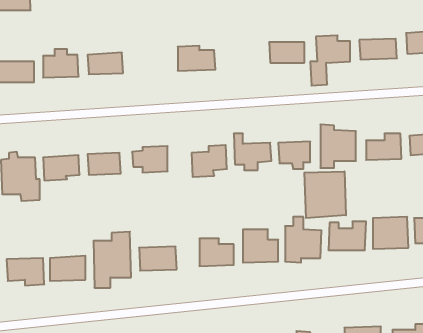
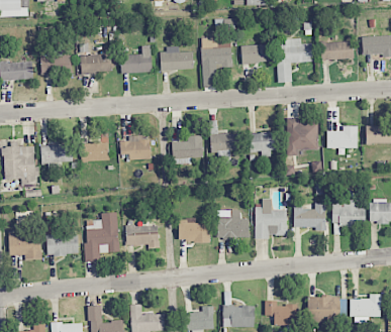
building: none -> [200,36,232,86]
building: none -> [120,45,152,73]
building: [304,171,346,218] -> none

